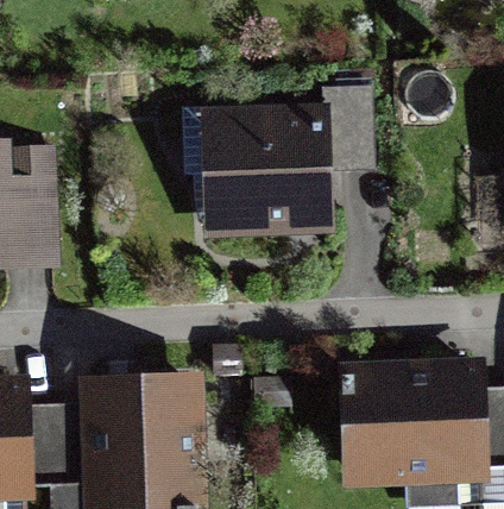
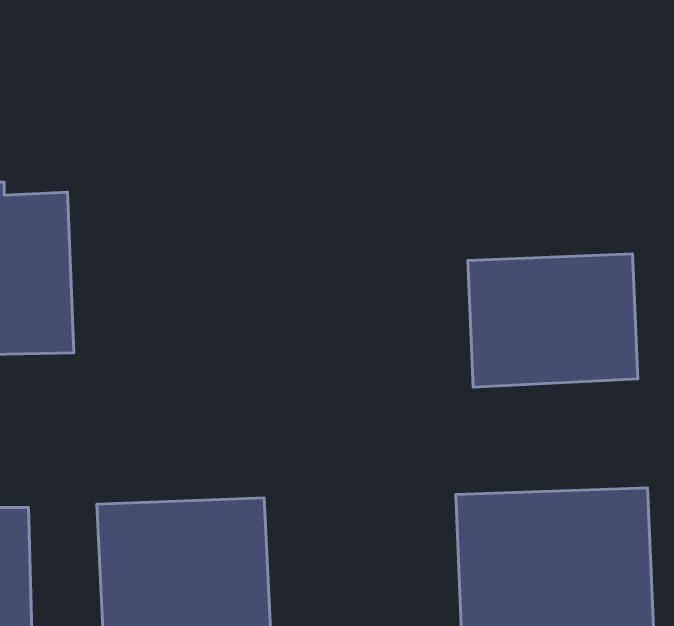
building: [201,105,326,234] -> none
building: none -> [468,254,638,387]

